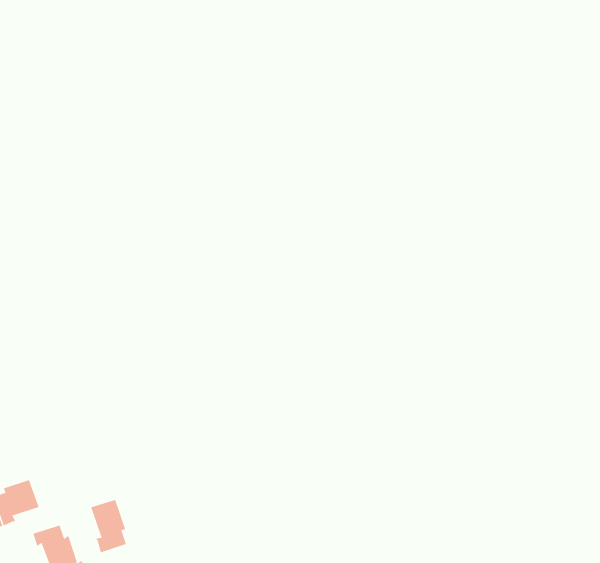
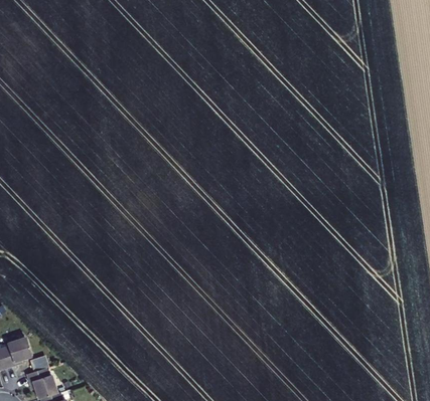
building: [91,499,126,553] -> none

